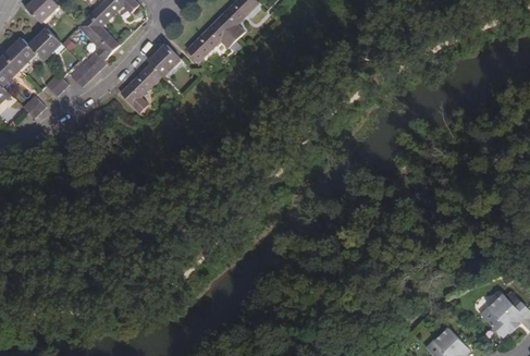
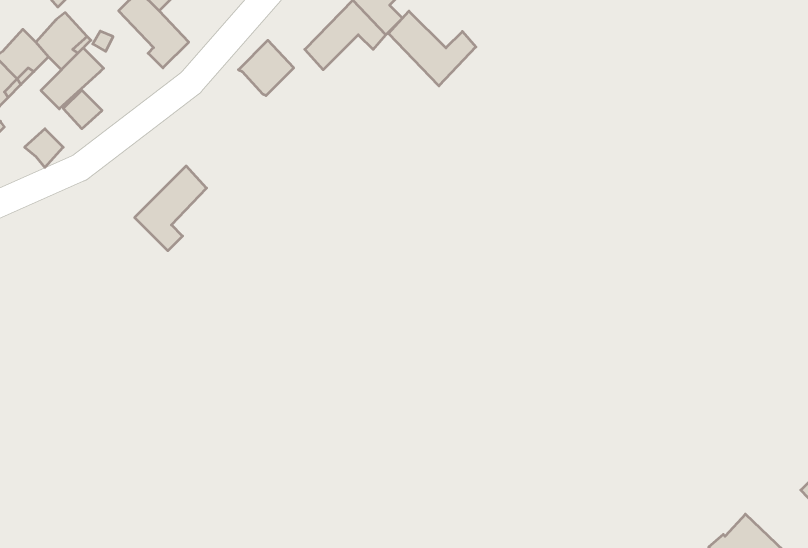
building: none -> [388,11,476,86]
building: [70,51,107,87] -> [41,48,104,109]
building: [120,62,162,112] -> [135,166,207,251]

